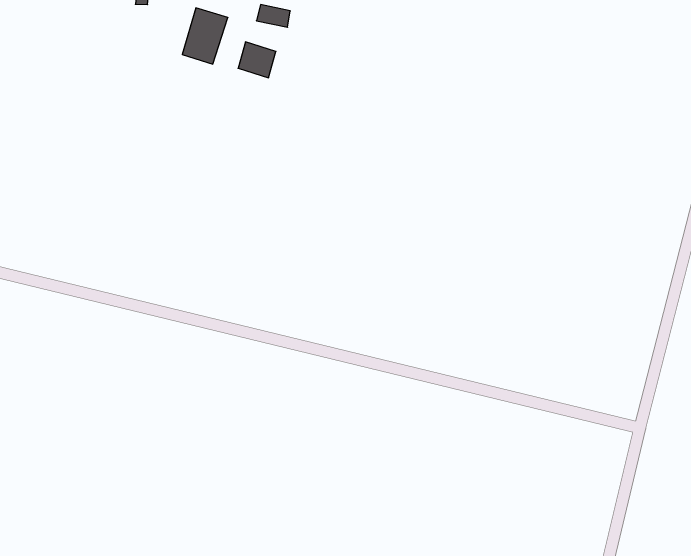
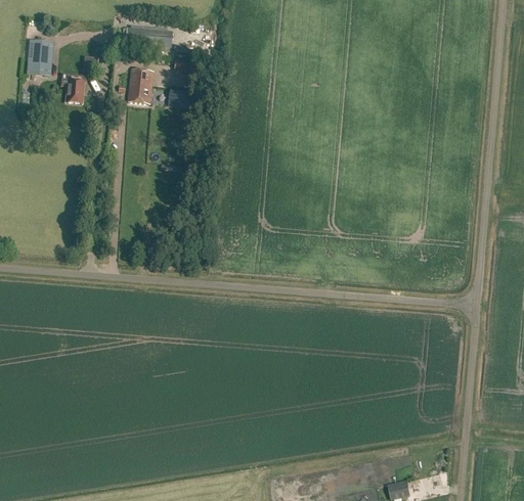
building: none -> [66,81,84,104]

